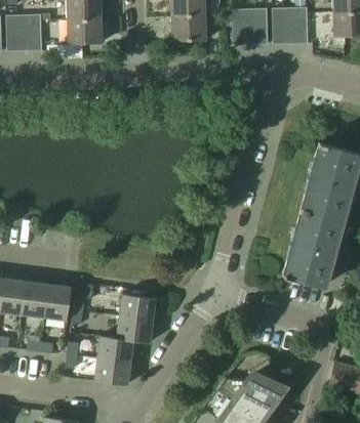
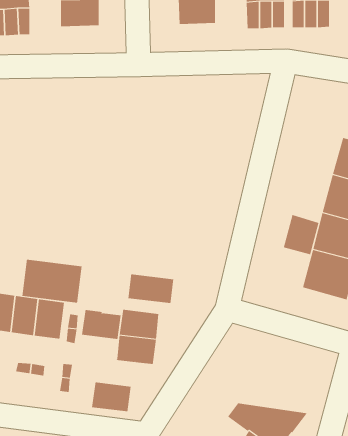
building: none -> [283,214,319,255]
building: none -> [22,259,82,303]
building: none -> [128,274,174,304]
building: [98,336,134,363] -> [81,309,122,339]

